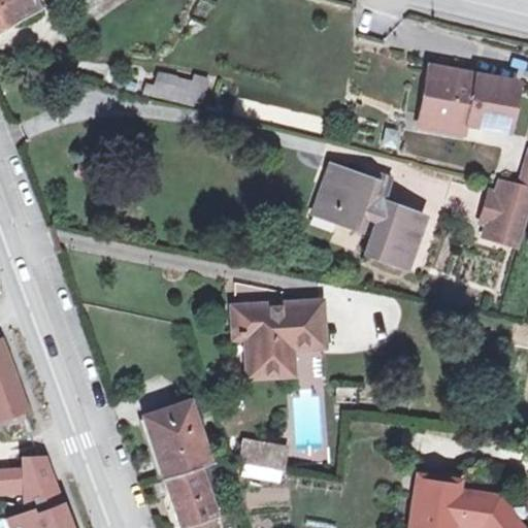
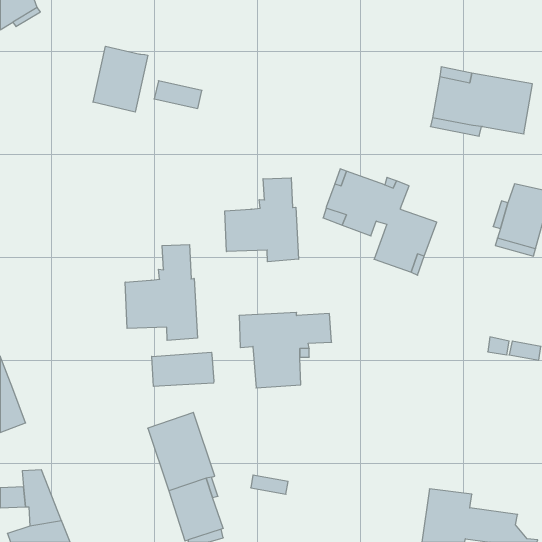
building: none -> [93,46,148,112]
building: none -> [225,178,299,262]
building: none -> [125,245,197,340]
building: none -> [152,352,214,386]
building: [241,440,287,467] -> none

